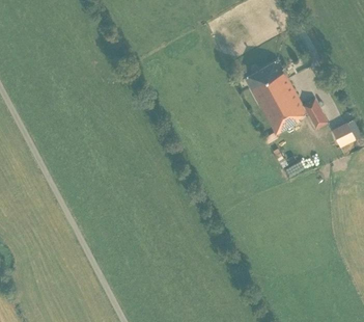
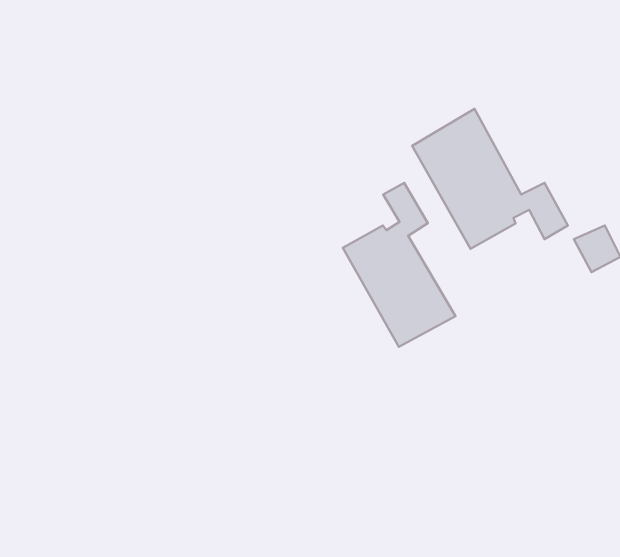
building: none -> [343,183,455,347]

